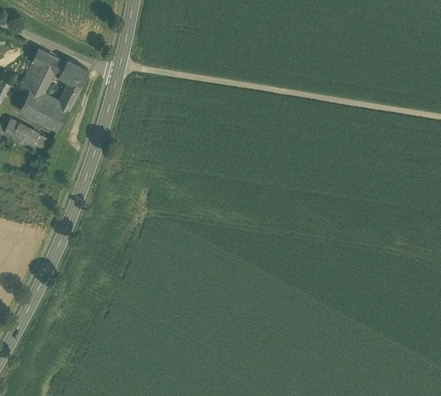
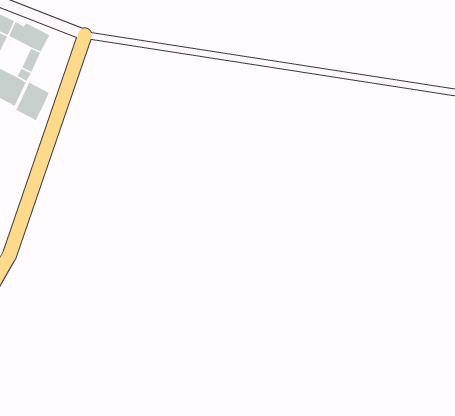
building: none -> [15,82,50,121]

